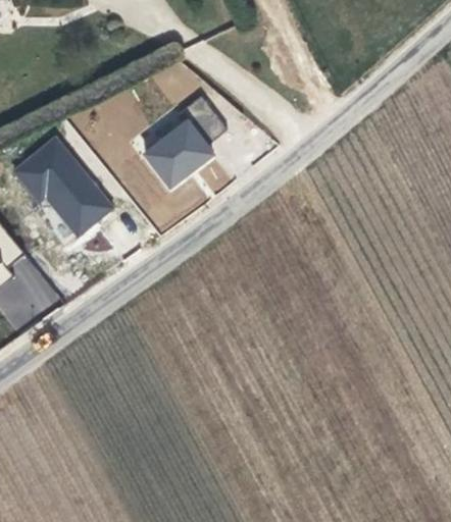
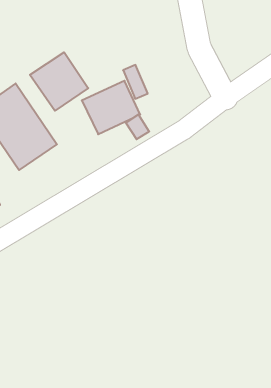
building: none -> [30,52,88,111]

